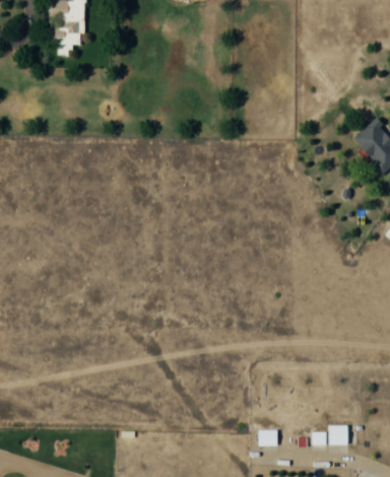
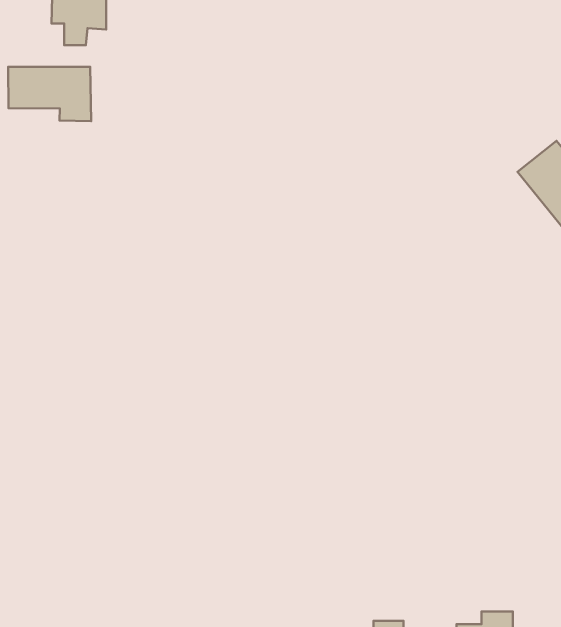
building: none -> [8,67,91,121]

